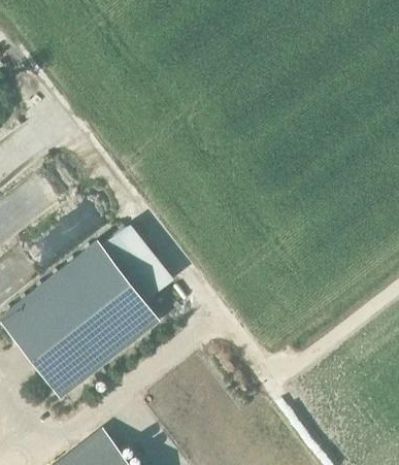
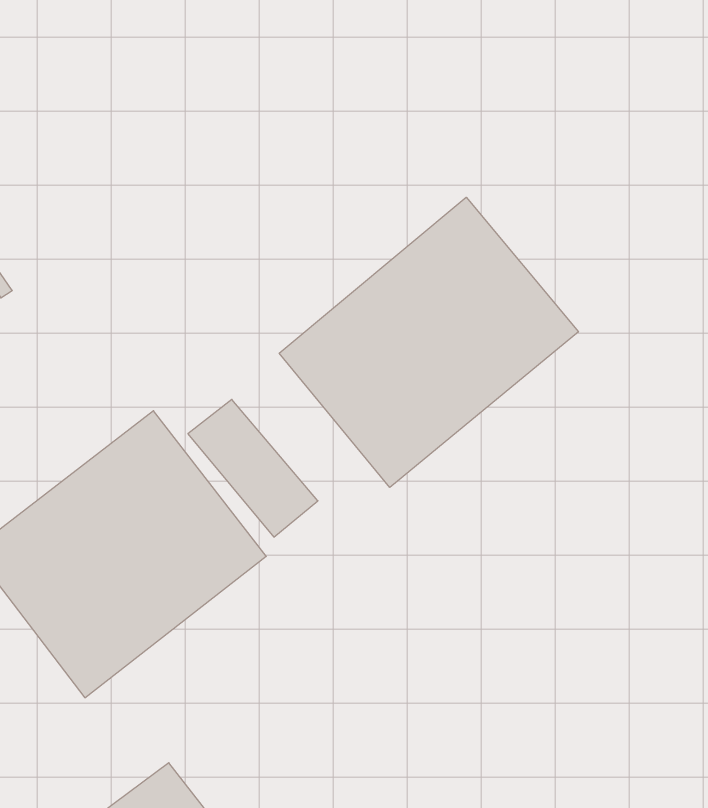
building: none -> [279,197,578,487]

